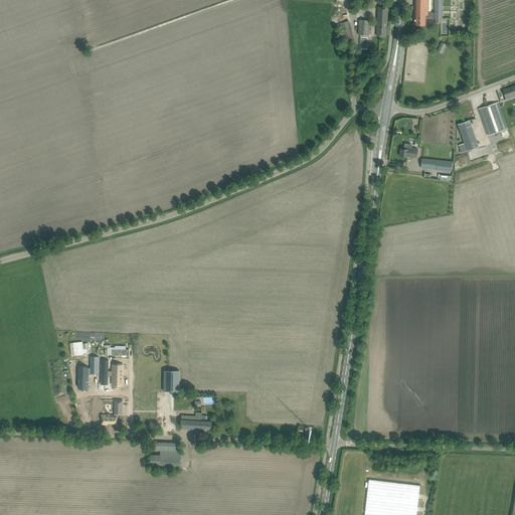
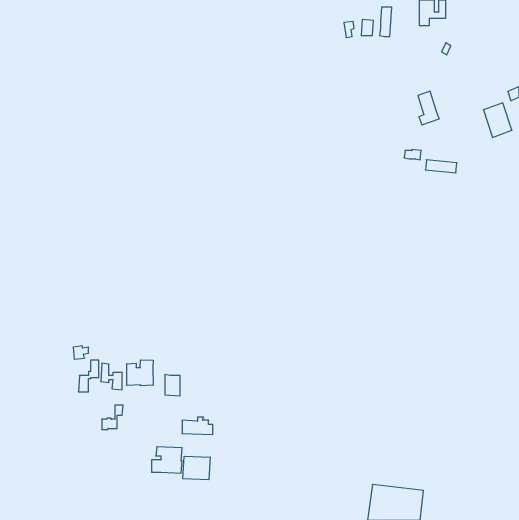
building: [457,120,478,153] -> [418,91,439,125]
building: none -> [127,360,153,386]
building: none -> [183,456,210,480]

